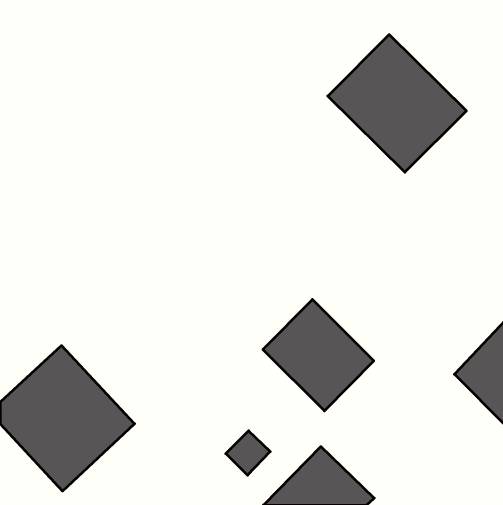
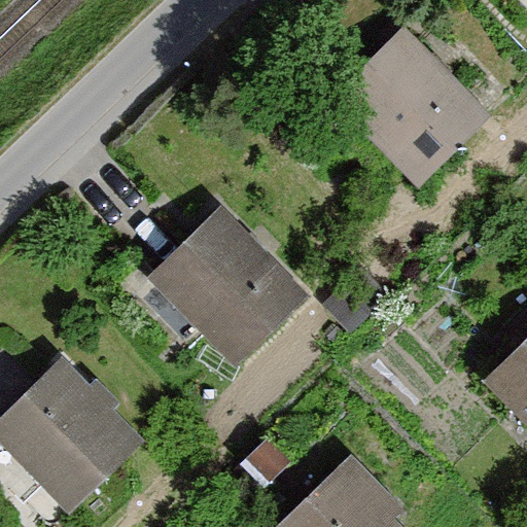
building: none -> [163,215,306,357]
building: [263,299,374,411] -> none

